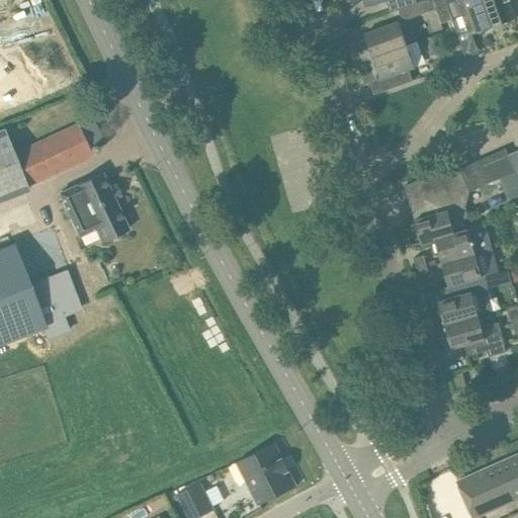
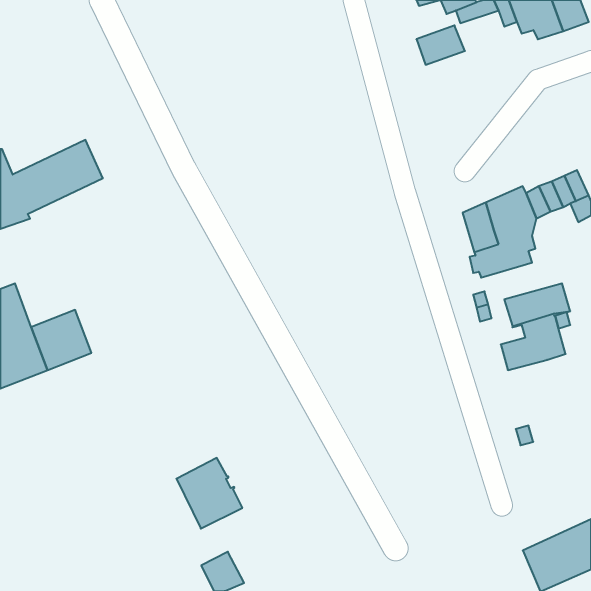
building: [372,45,415,80] -> none
building: [59,173,128,242] -> none
building: [421,225,492,262] -> none
building: [443,315,506,357] -> none
building: [238,443,295,505] -> [176,458,242,529]

